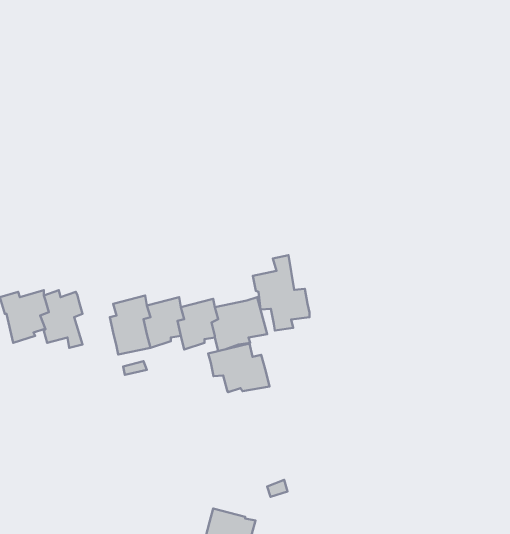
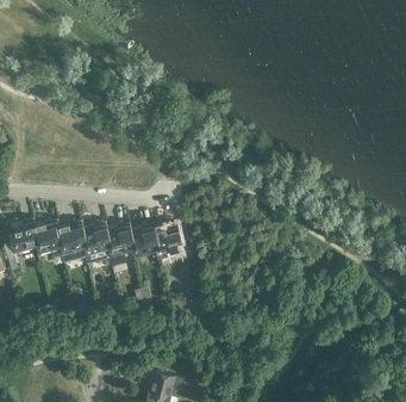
building: [253,255,310,330] -> none
building: none -> [56,218,86,262]
building: [208,344,270,392] -> none

